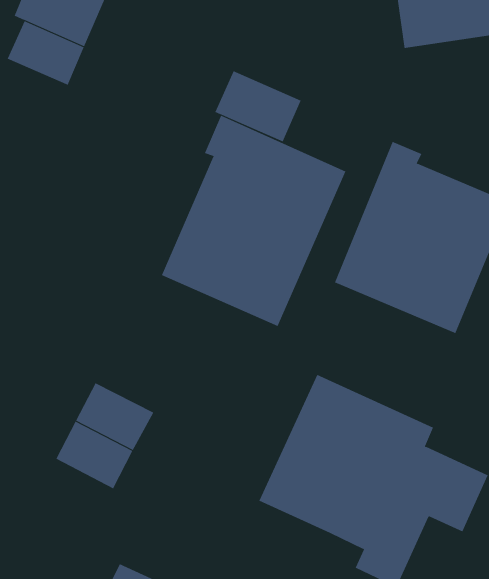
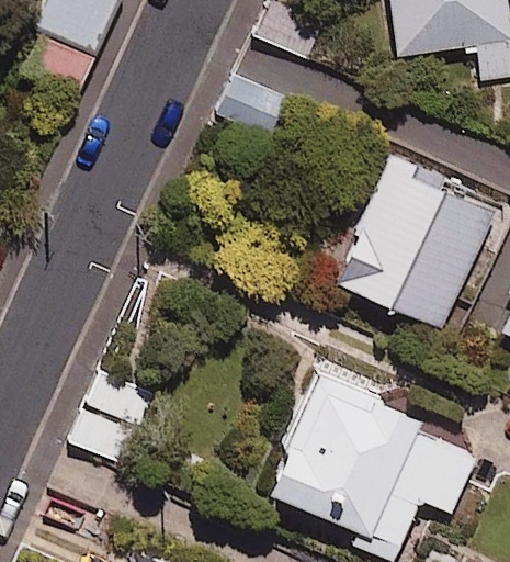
building: [161,115,346,327] -> none

